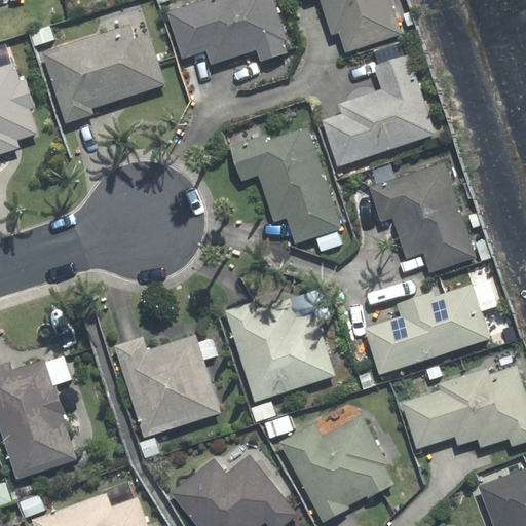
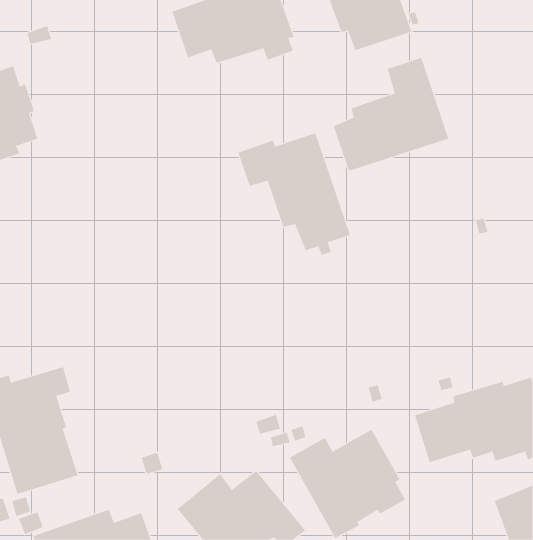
building: [43,26,165,123] -> none
building: [361,161,468,272] -> none
building: [365,279,496,375] -> none
building: [227,300,335,401] -> none
building: [115,336,220,438] -> none

